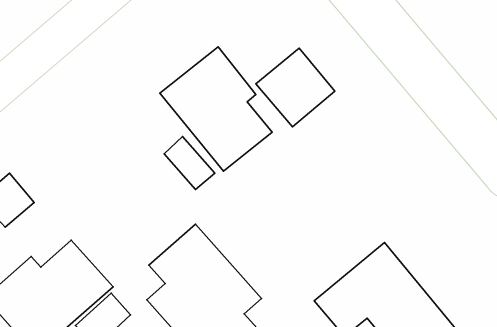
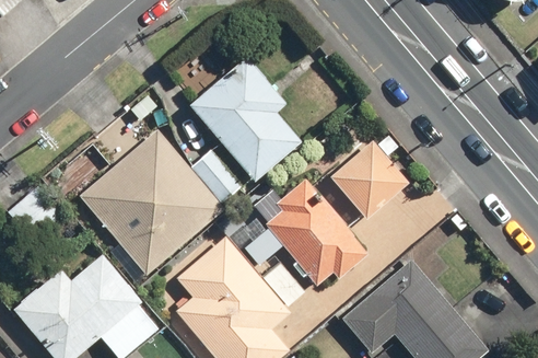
building: [256,48,335,127] -> [329,140,409,220]
building: none -> [78,129,224,275]
building: none -> [262,178,367,287]

